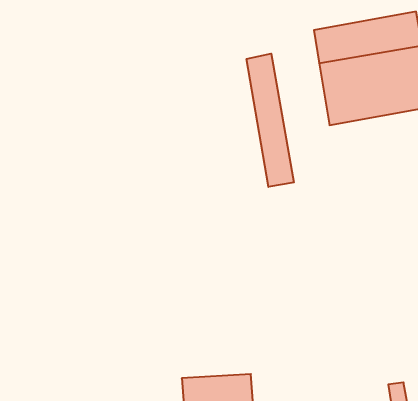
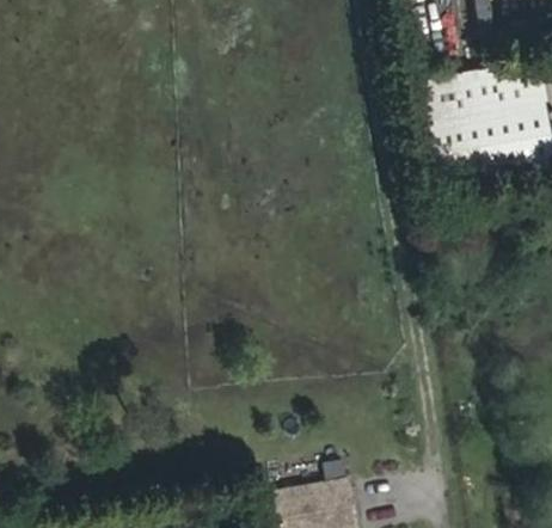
building: [247,54,294,187] -> none

